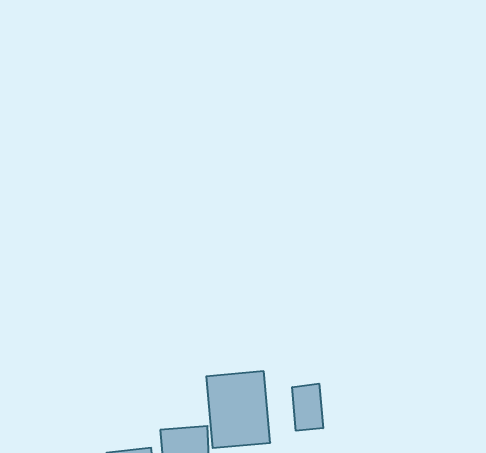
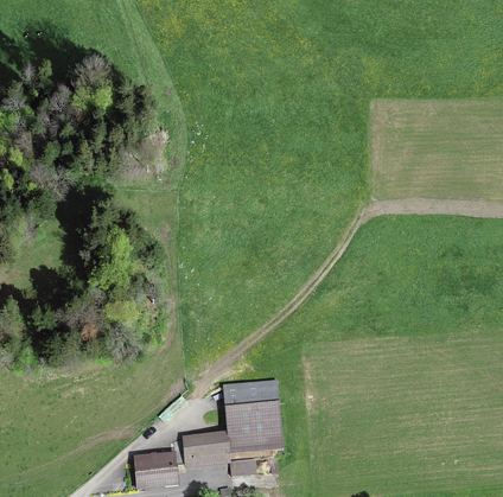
building: [292,384,323,431] -> none

